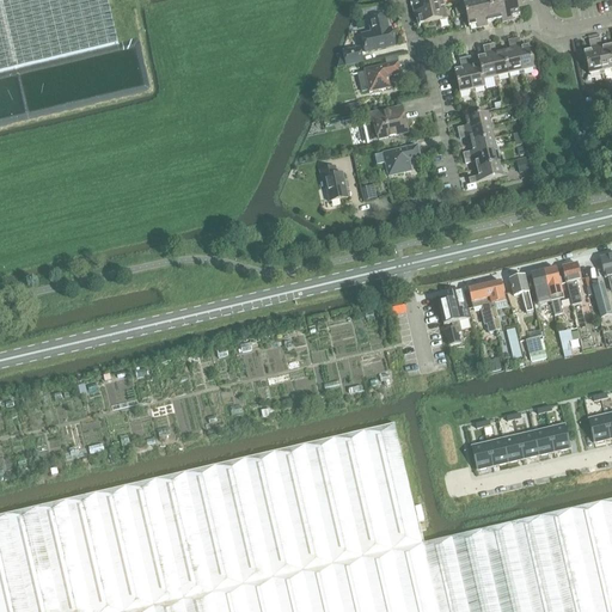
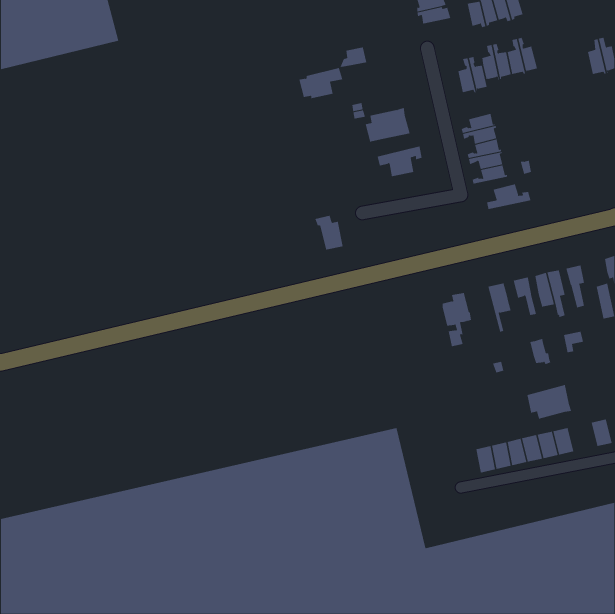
building: [361,14,394,51] -> none
building: [357,61,402,92] -> [298,67,343,99]
building: [319,166,348,201] -> [315,215,343,250]
building: none -> [486,184,531,210]
building: [469,284,496,332] -> none
building: none -> [527,384,572,419]

